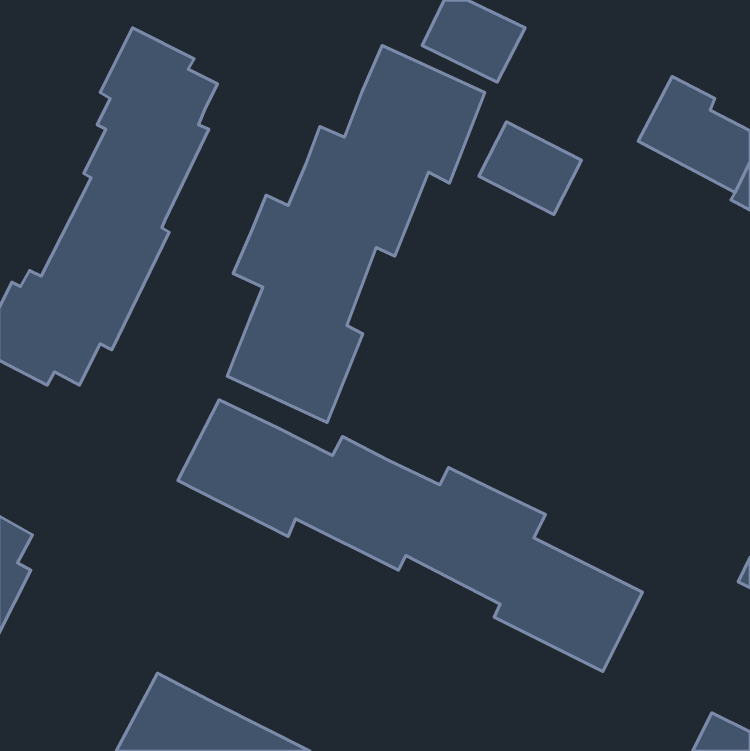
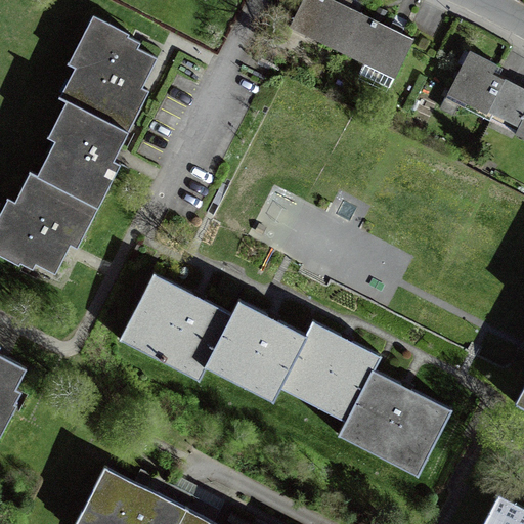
building: [227,45,485,423] -> none
building: [479,122,582,215] -> [346,19,418,84]

